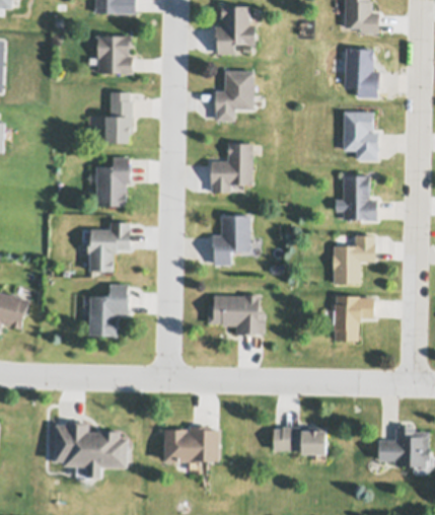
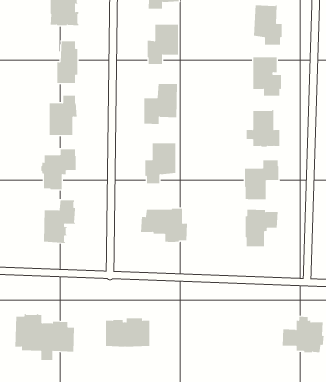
building: [274,427,327,456] -> none

